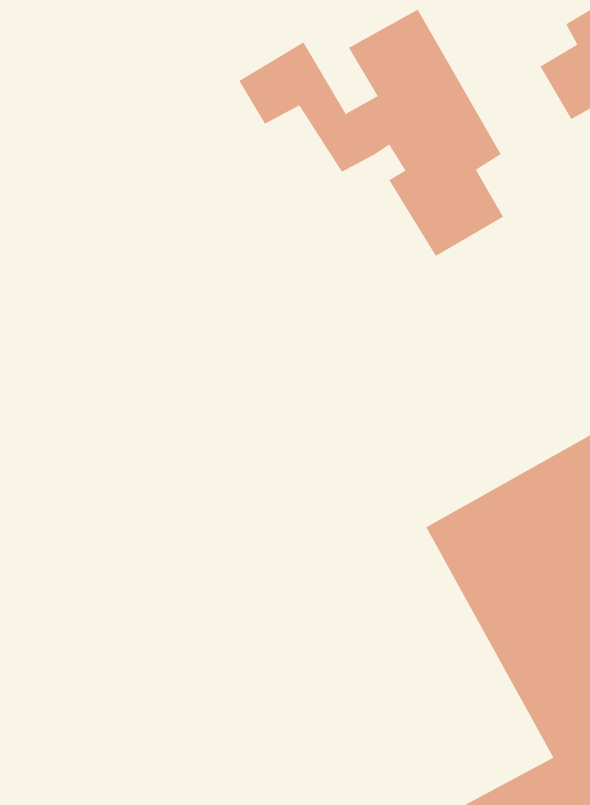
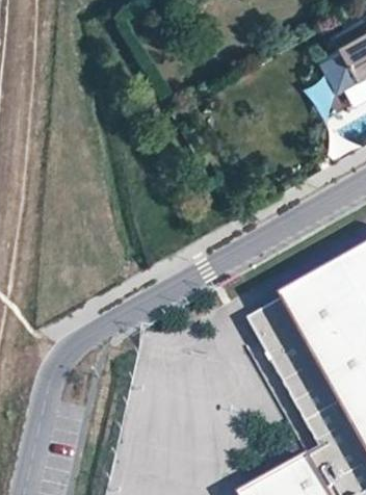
building: [239,9,504,257] -> none

